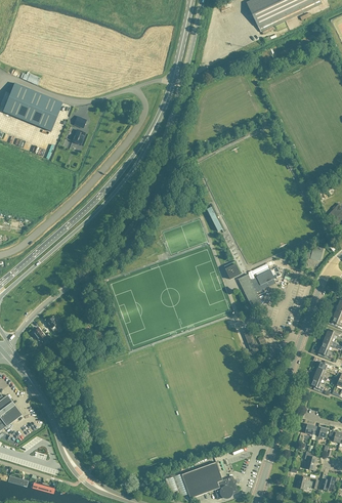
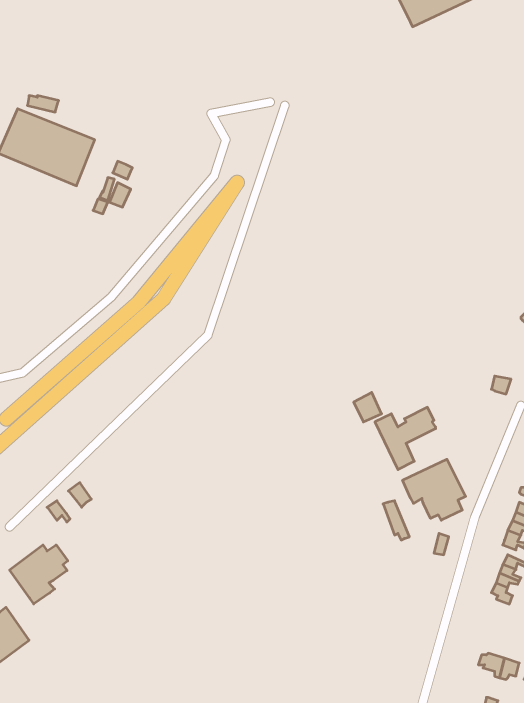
building: none -> [403,459,466,520]
building: none -> [10,545,68,604]

